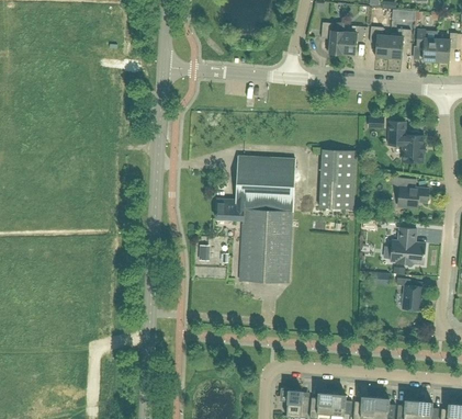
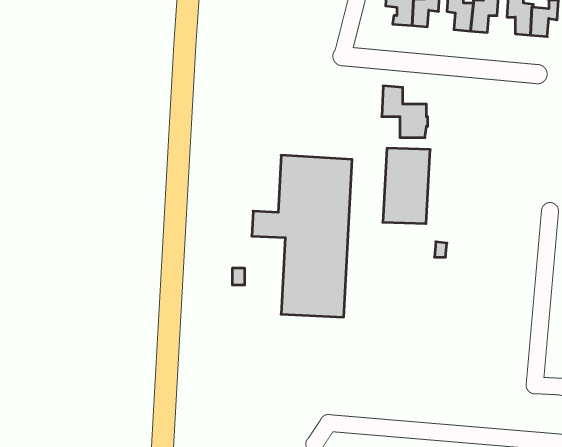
building: [387,121,424,161] -> [382,86,428,138]
building: [387,177,428,207] -> none
building: [383,227,425,267] -> none
building: [395,278,421,309] -> none

